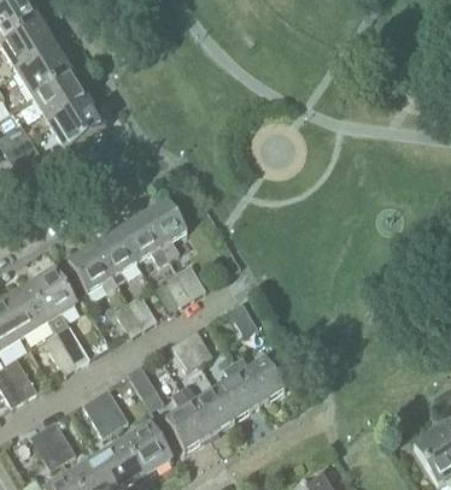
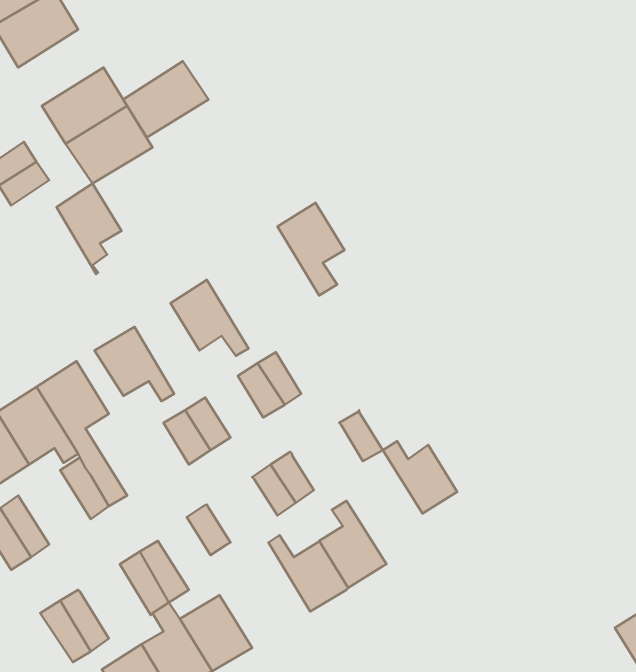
building: [17,46,74,96] -> [123,61,208,137]
building: [142,196,187,258] -> [277,203,344,295]
building: [94,228,137,288] -> [56,184,122,274]
building: [235,353,285,401] -> [383,441,457,514]
building: [168,386,211,448] -> none

